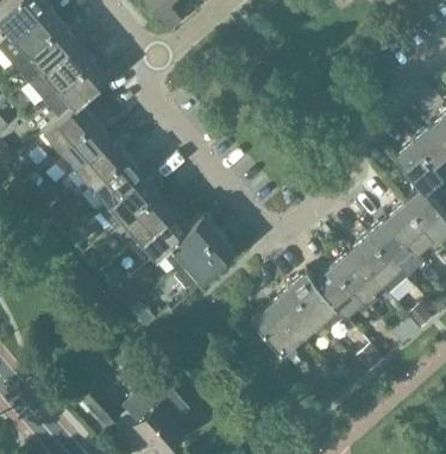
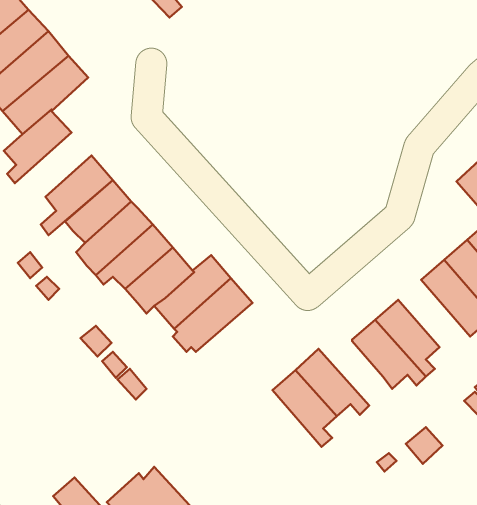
building: [52,119,112,169] -> none
building: [350,233,406,292] -> none
building: [288,271,345,330] -> none

